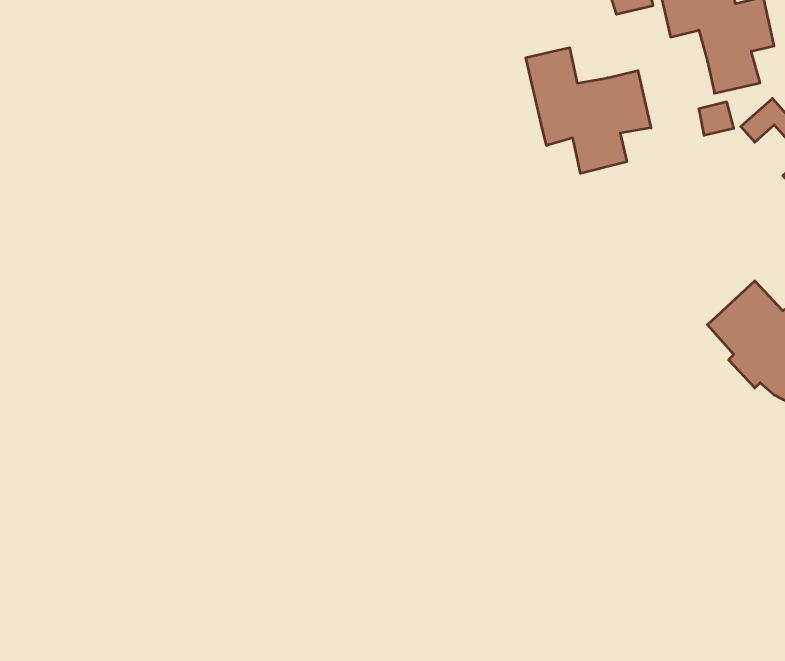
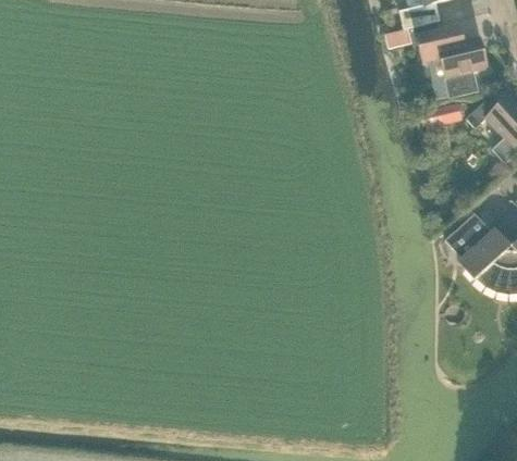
building: [526,48,651,173] -> none

